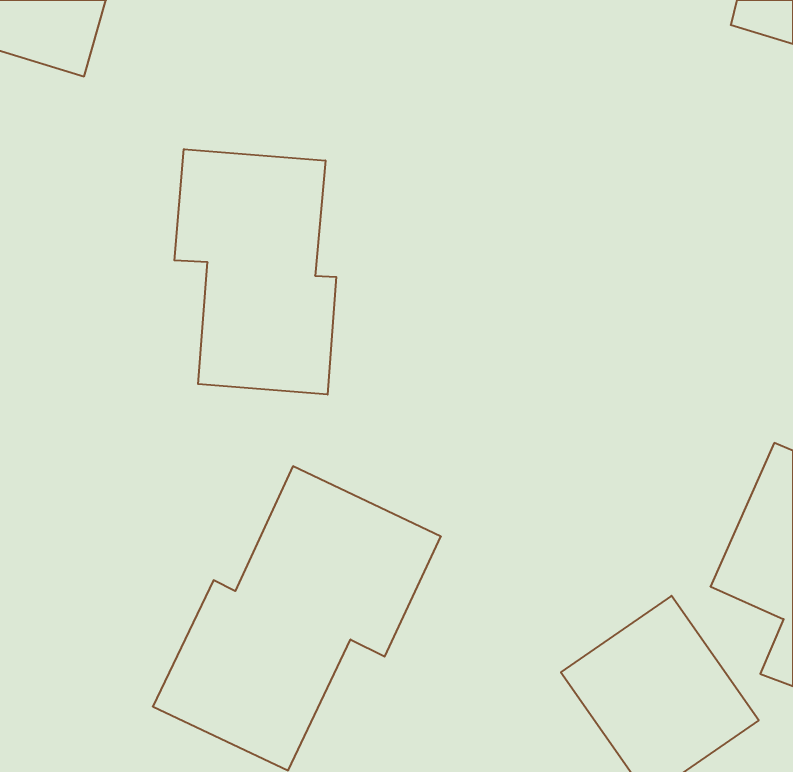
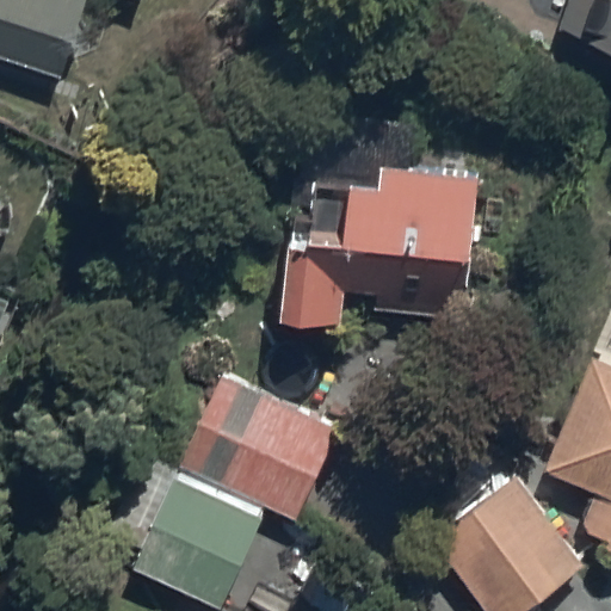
building: [174,149,336,395] -> none
building: none -> [292,169,483,319]

